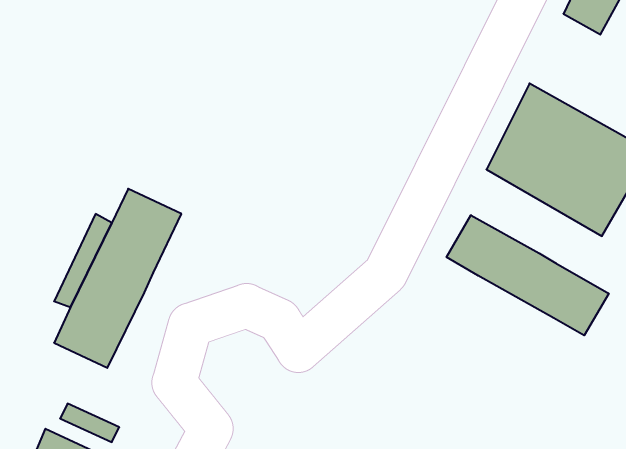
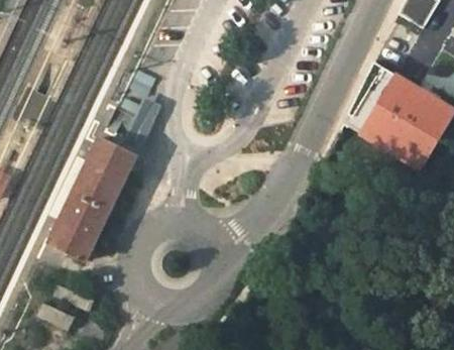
building: none -> [123,95,162,149]
building: [447,215,609,335] -> none

